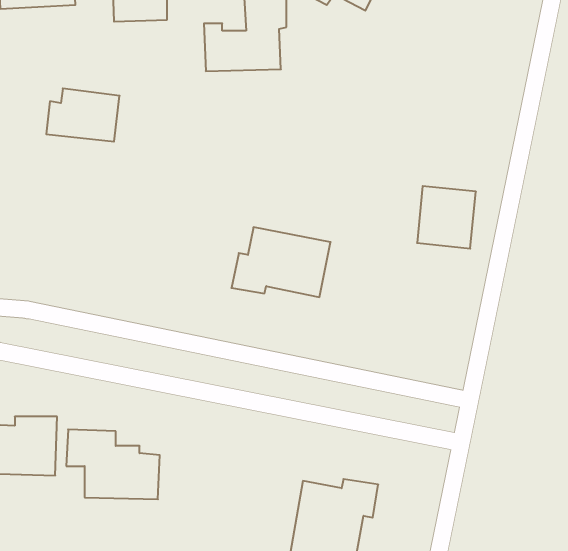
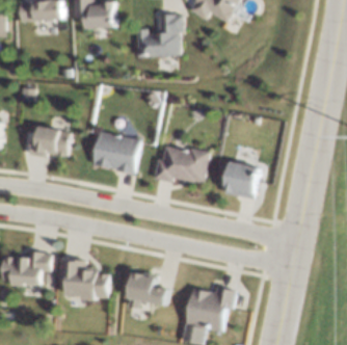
building: [46,88,120,142] -> [29,127,71,157]
building: [417,186,476,249] -> [224,162,258,197]
building: none -> [92,132,139,172]
building: none -> [128,271,169,308]

